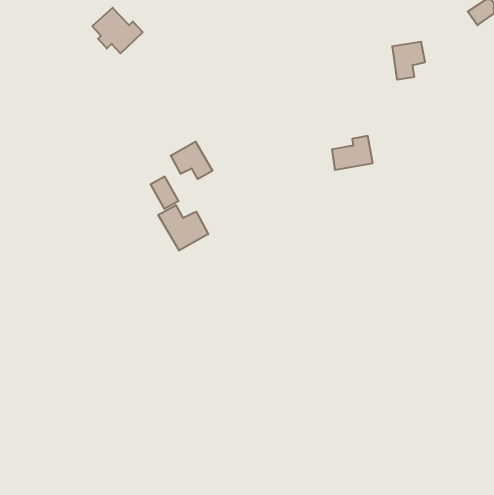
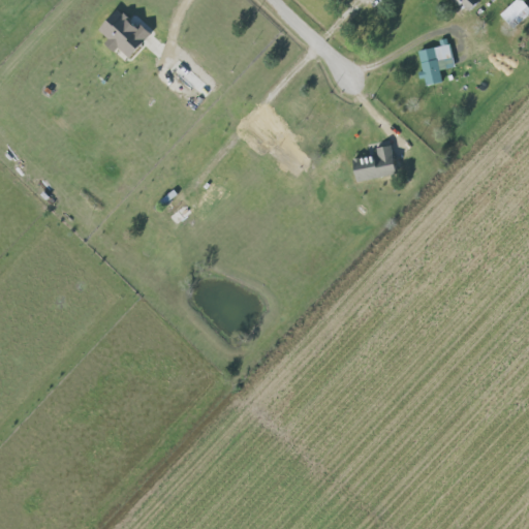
building: [171,142,213,179] -> none
building: [158,205,208,251] -> none

